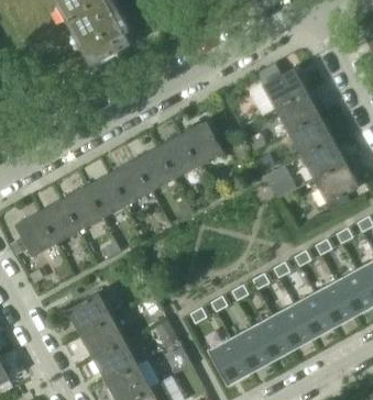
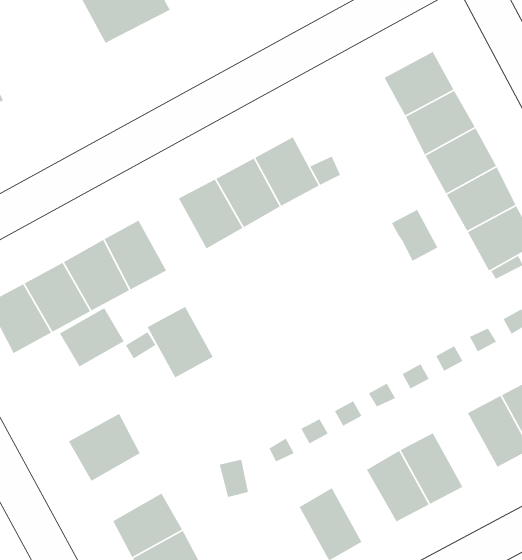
building: [110,159,152,204] -> [147,306,214,378]
building: none -> [59,307,125,368]
building: [293,292,332,338] -> none
building: [80,318,124,359] -> none
building: [230,327,270,373] -> none

